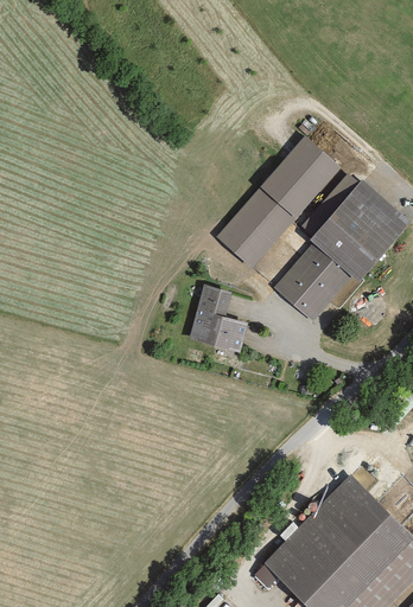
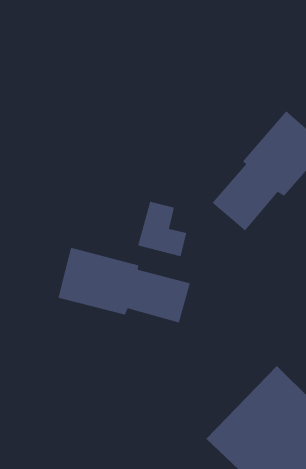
building: [217,139,339,267] -> none
building: none -> [57,247,191,323]

